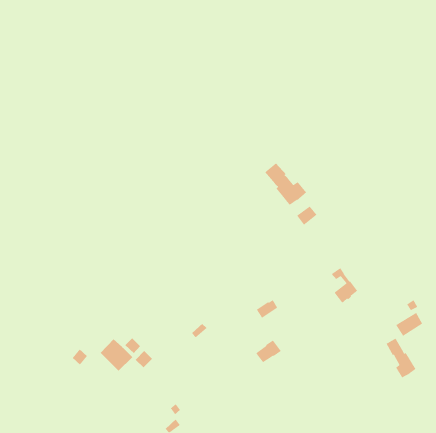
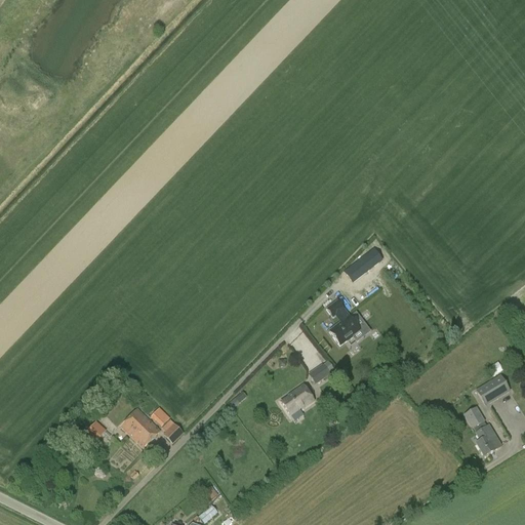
building: [264,162,307,206] -> none
building: [331,267,358,304] -> [326,299,359,344]
building: [255,339,282,363] -> [281,385,313,413]

